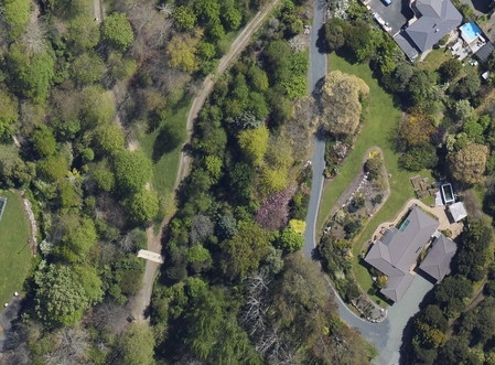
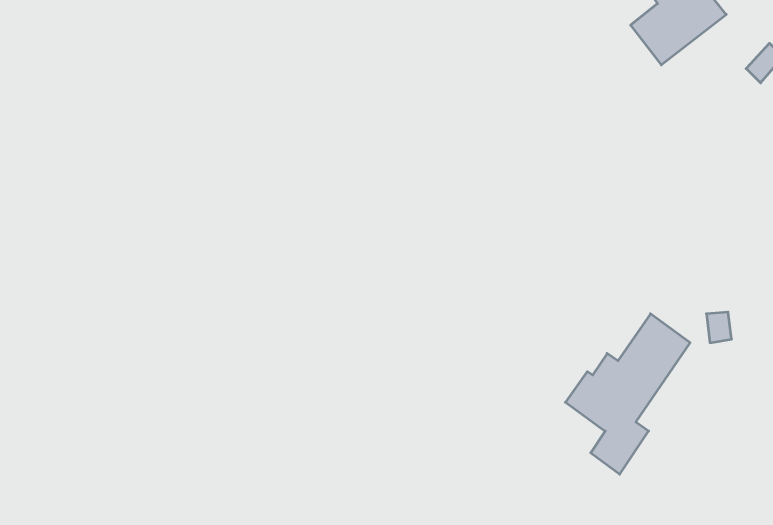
building: [418,233,463,281] -> none

